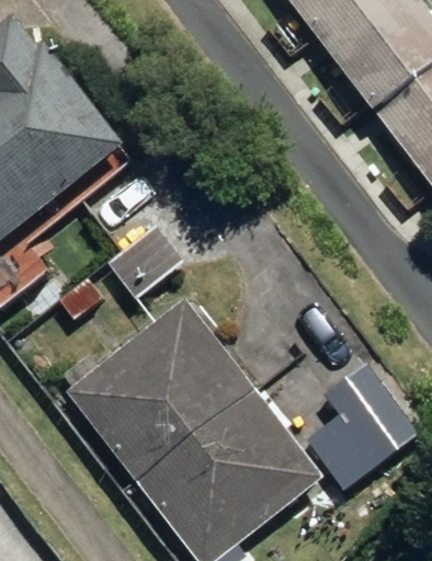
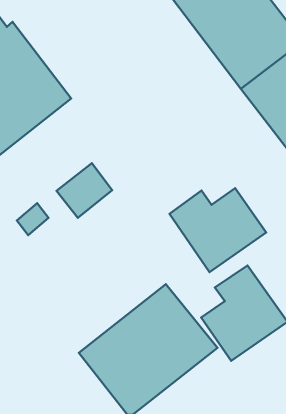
building: none -> [170,188,266,272]
building: [72,299,259,478] -> none

